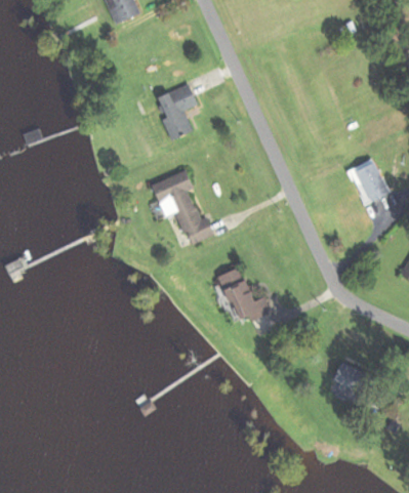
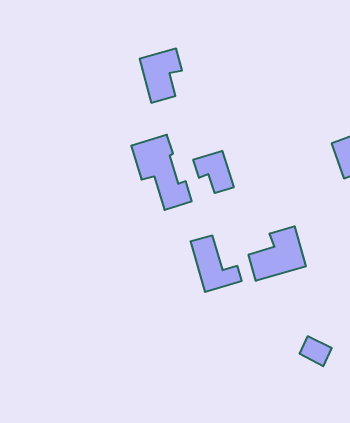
building: none -> [193,151,234,193]
building: none -> [249,226,306,281]

